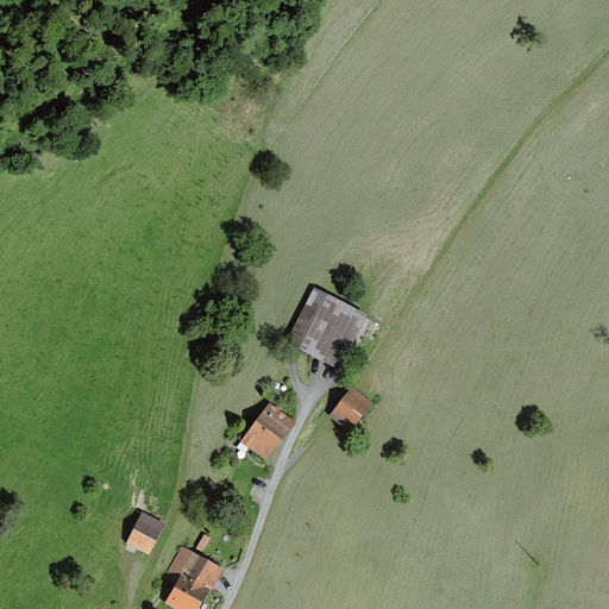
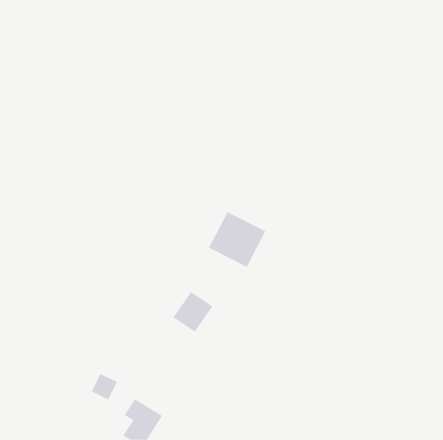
building: [334,388,376,431] -> none

